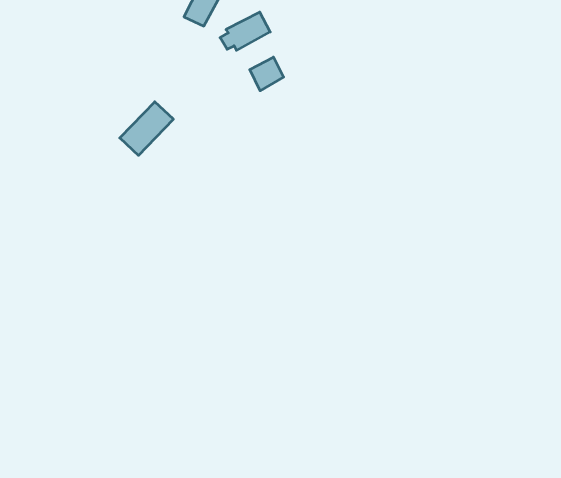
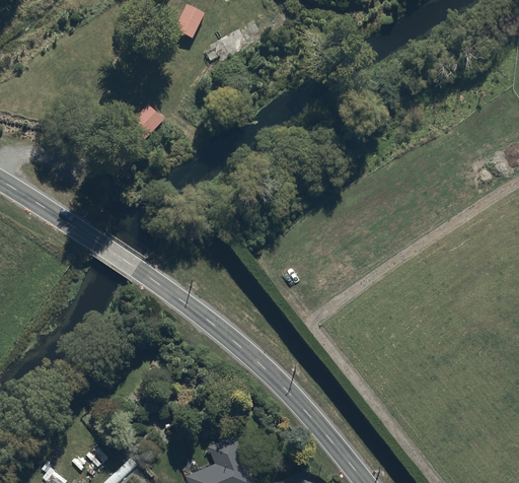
building: [250,57,284,91] -> none

